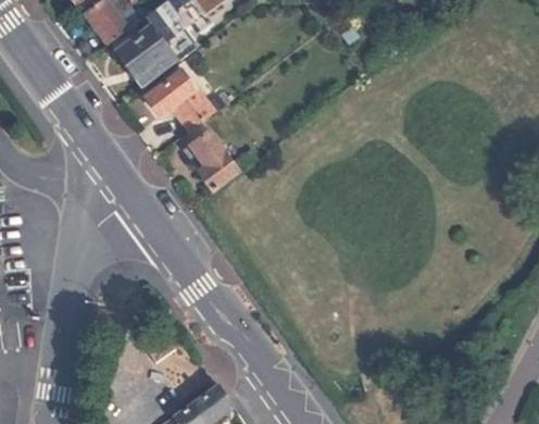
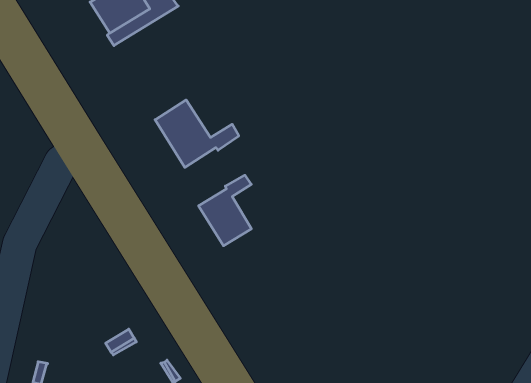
building: [142,68,228,128] -> none
building: none -> [199,175,251,246]

